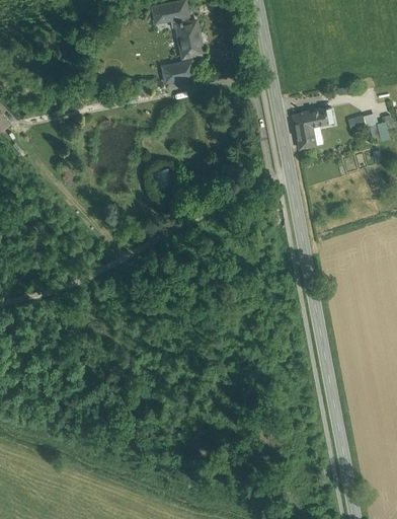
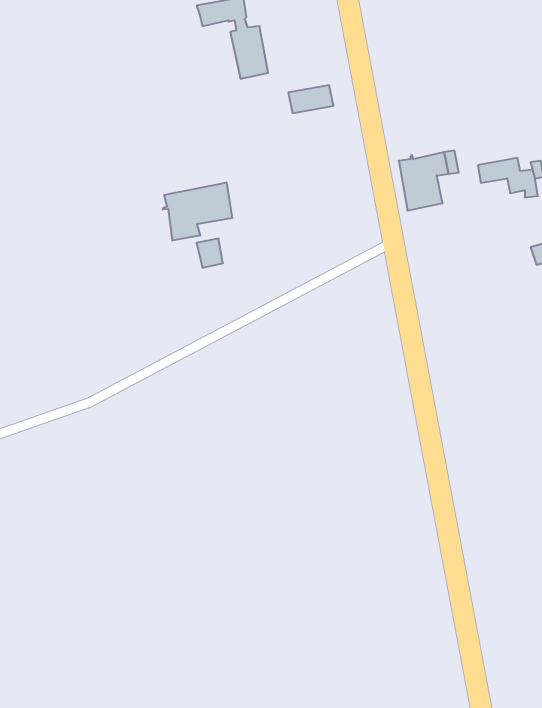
building: [162,62,193,81] -> [288,85,334,113]
building: none -> [163,182,232,241]

